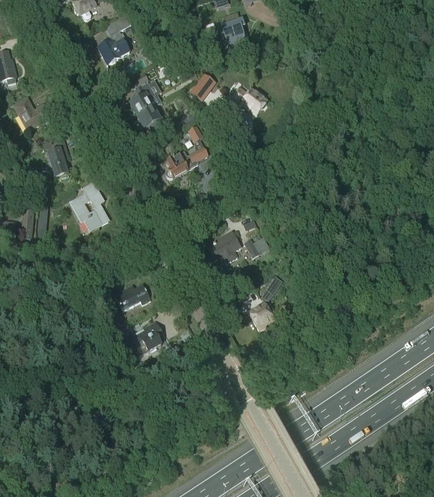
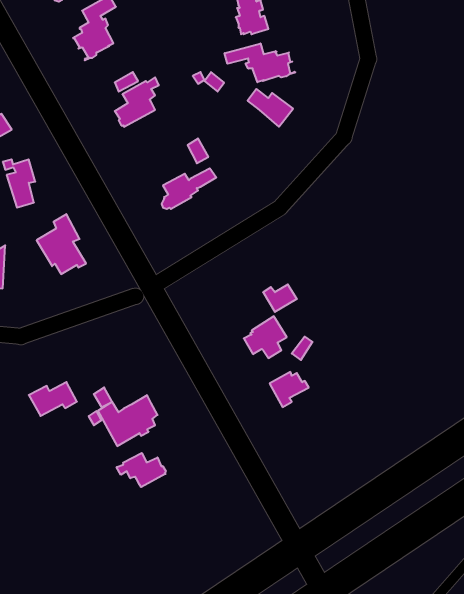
building: none -> [225,43,295,82]
building: [136,107,164,131] -> none
building: [207,230,240,262] -> [244,316,287,358]
building: [113,284,150,310] -> [29,382,77,416]
building: none -> [117,453,166,487]

